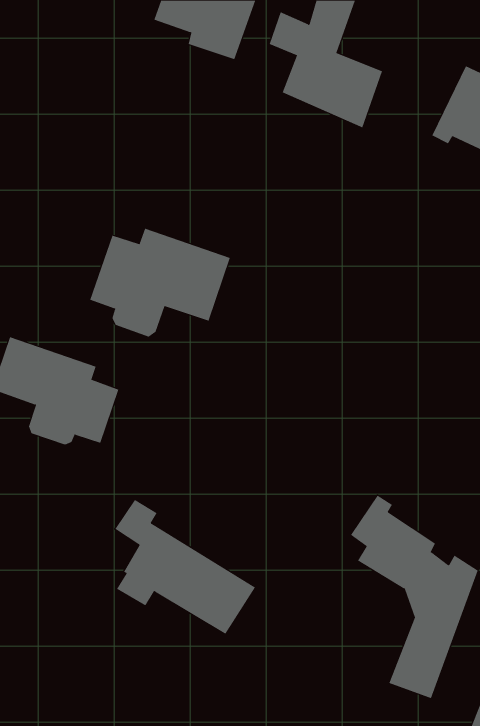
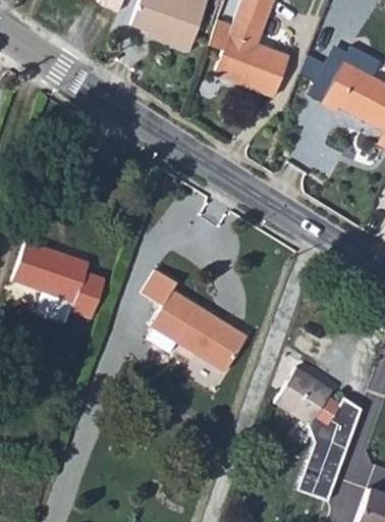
building: [90,228,231,338] -> none
building: [115,499,256,635] -> [145,274,245,371]

